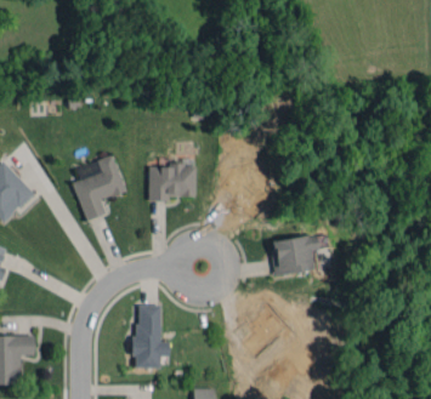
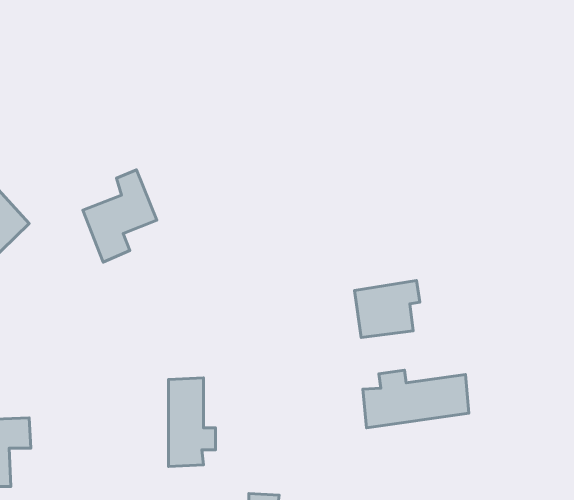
building: [148,165,195,199] -> none
building: none -> [363,370,469,428]

